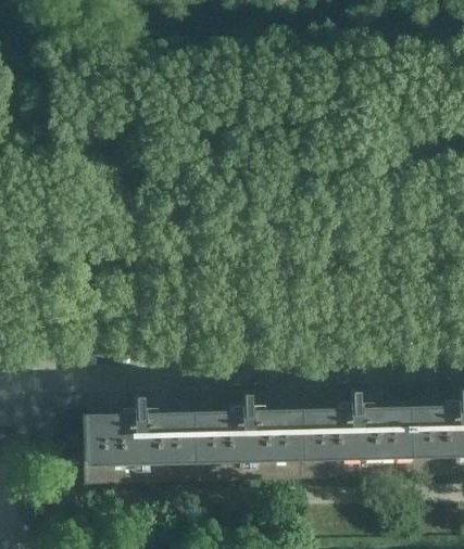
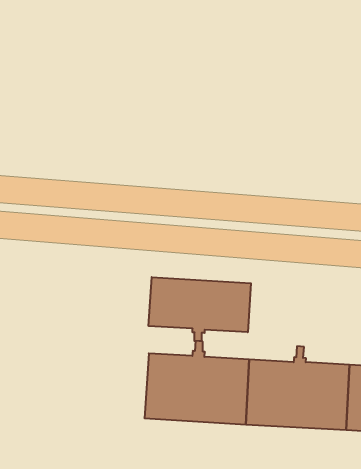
building: none -> [149,277,251,341]
building: [85,383,195,471] -> none

